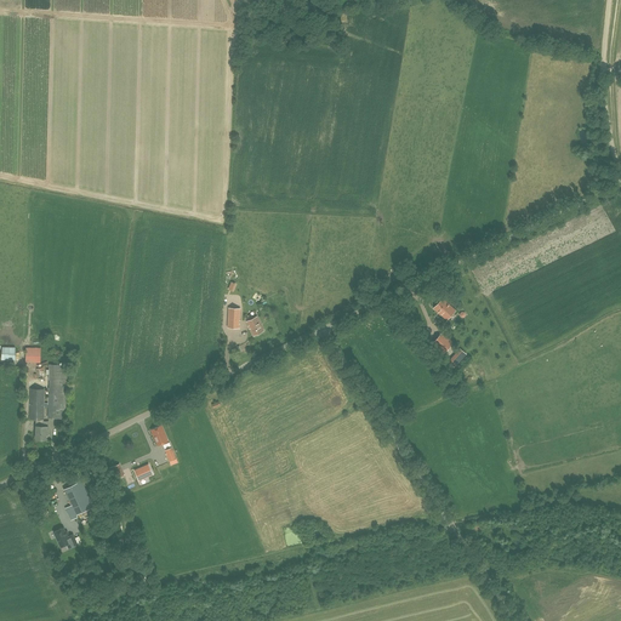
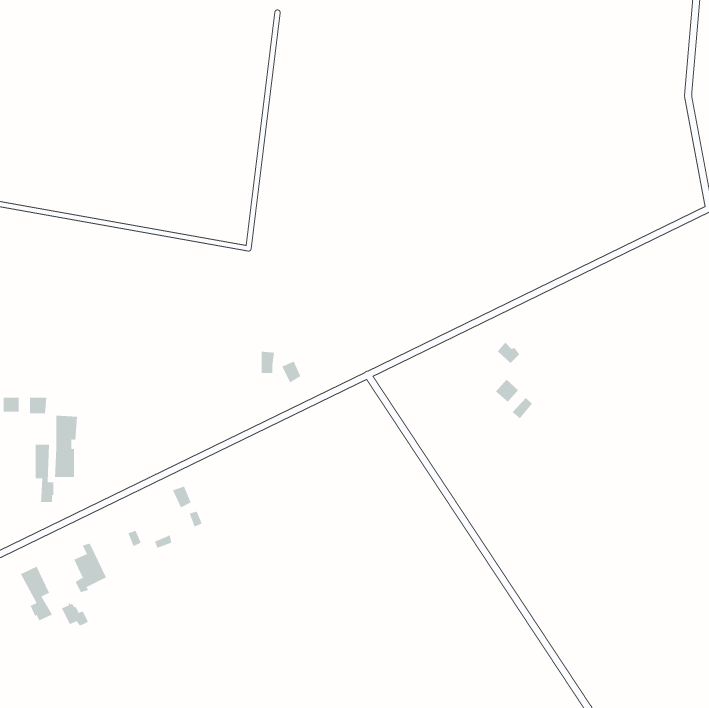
building: none -> [20,566,53,621]

